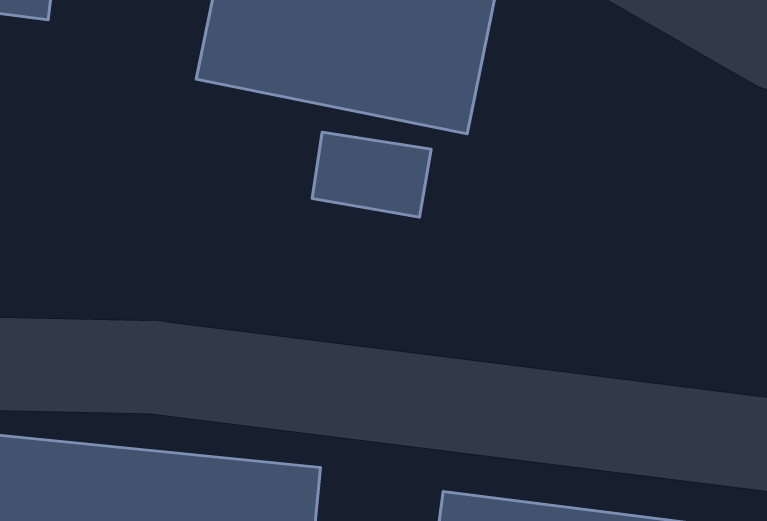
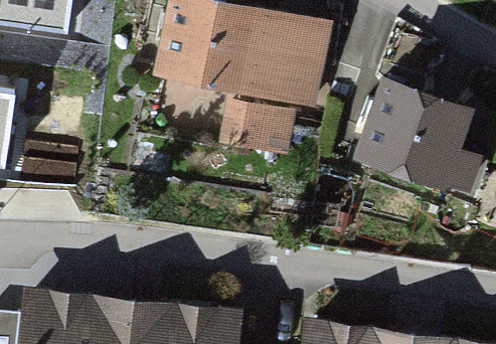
building: none -> [358,84,477,195]

